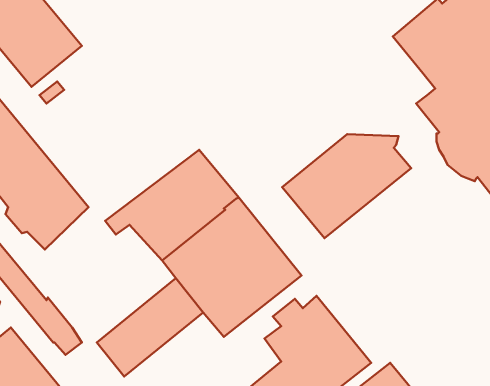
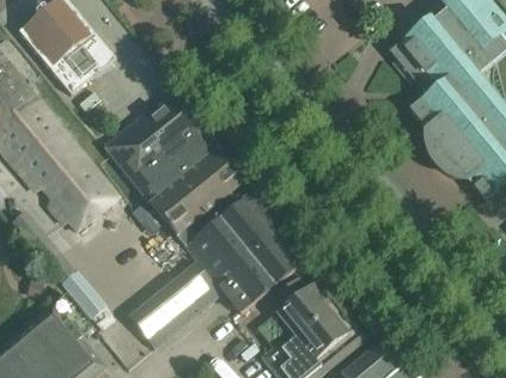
building: none -> [99,96,218,212]
building: [282,134,411,238] -> none

